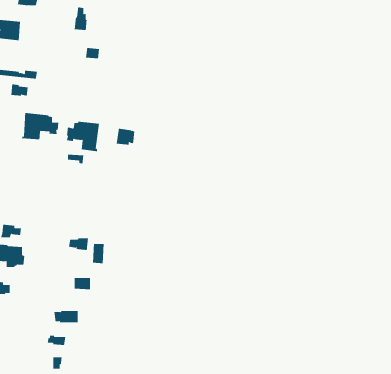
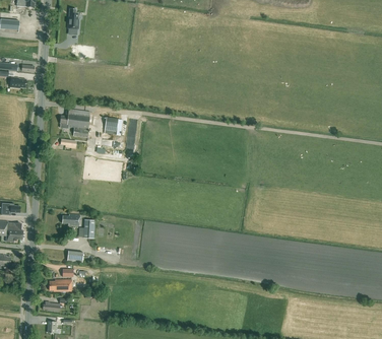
building: [22,112,59,140] -> none

